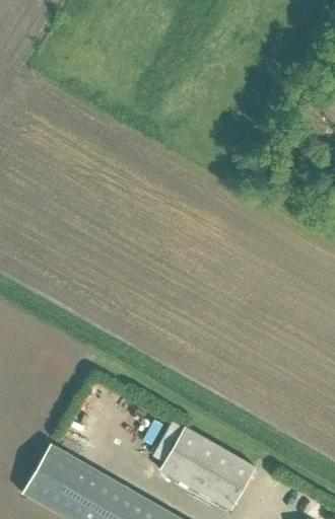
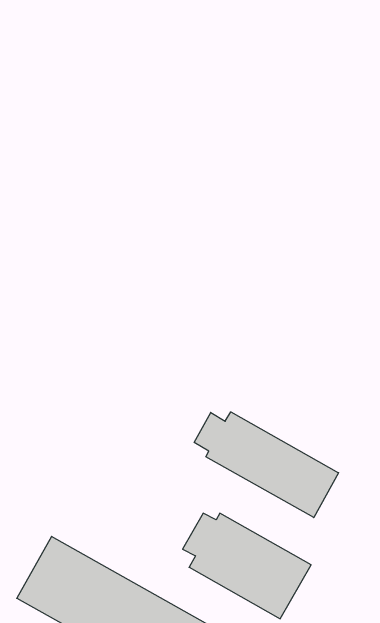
building: none -> [194,412,339,518]

